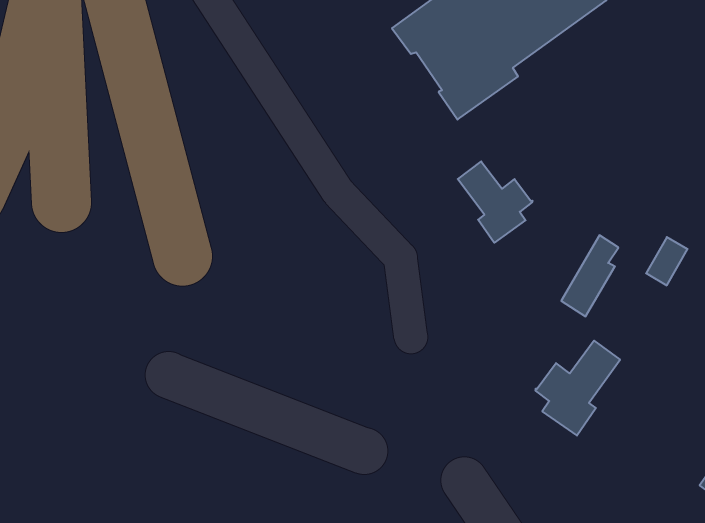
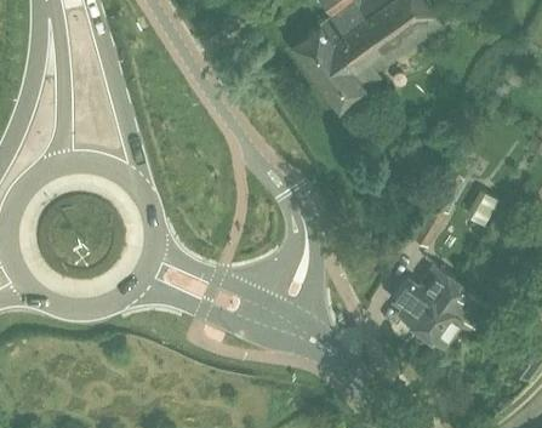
building: [458,161,532,243] -> none
building: none -> [422,280,489,349]

